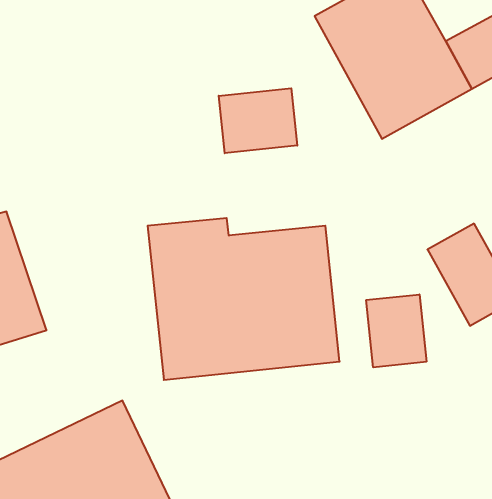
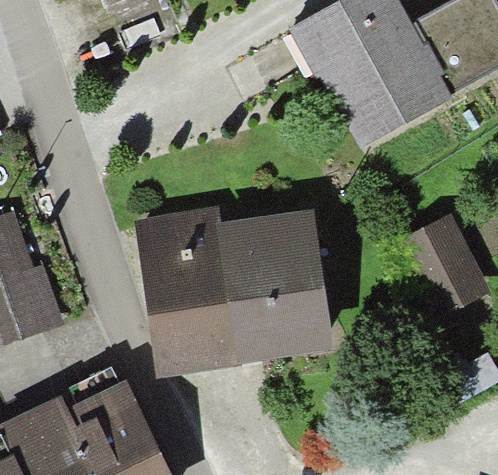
building: [219,88,297,153] -> none
building: [366,294,426,367] -> none

